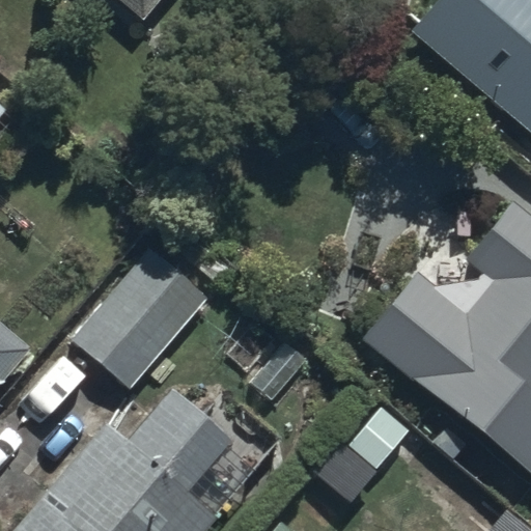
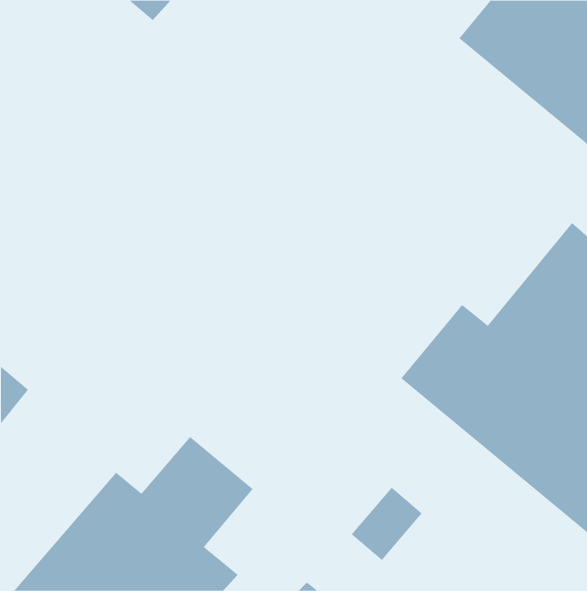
building: [73,248,206,388] -> none

